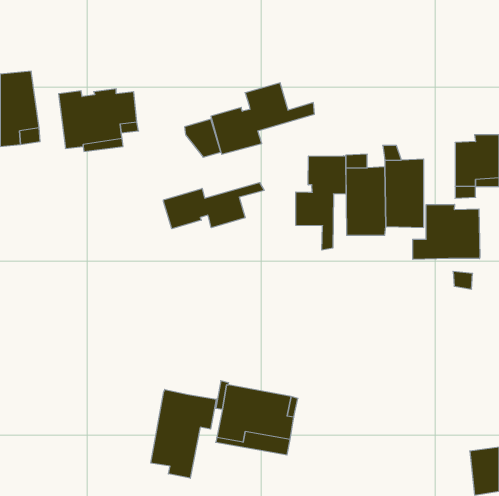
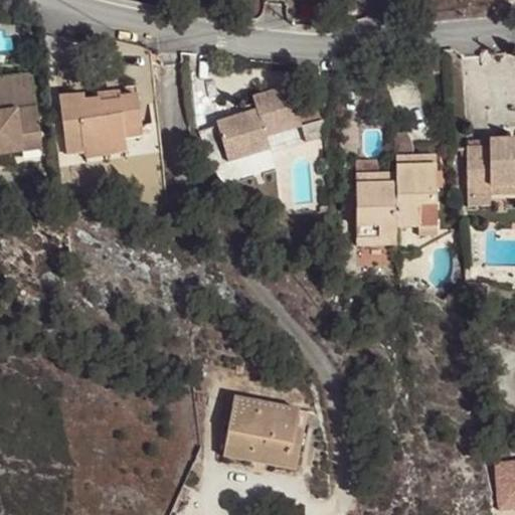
building: [296,156,346,250] -> none
building: [164,183,264,229] -> none
building: [413,204,480,259] -> none
building: [151,389,216,478] -> none

